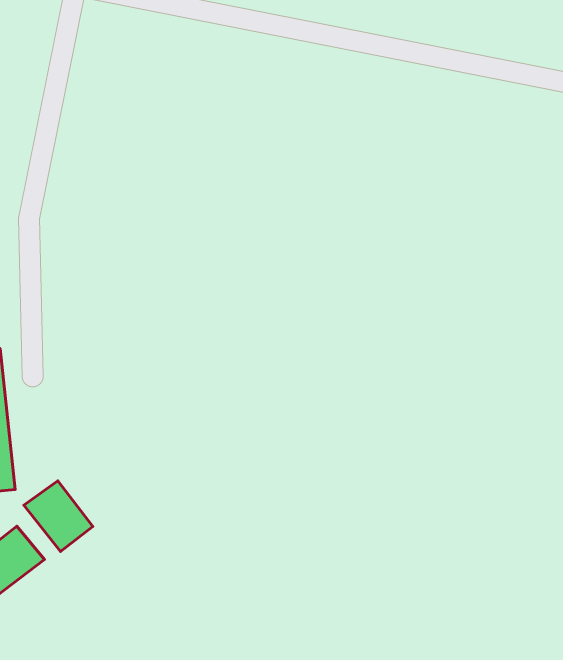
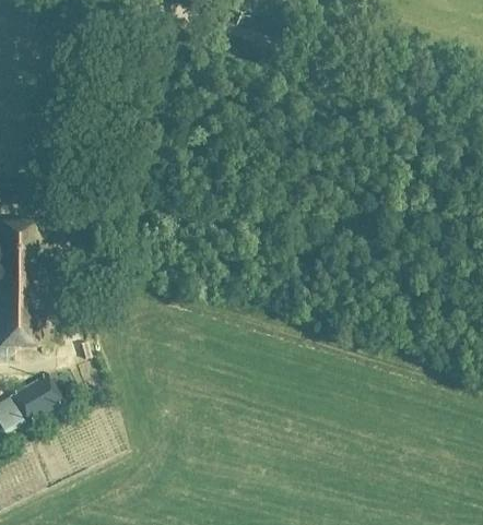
building: [24,481,93,551] -> none

